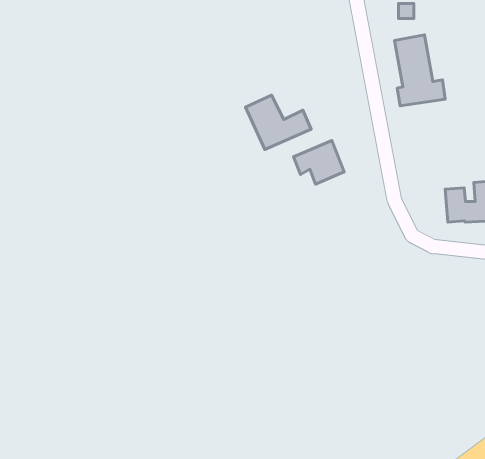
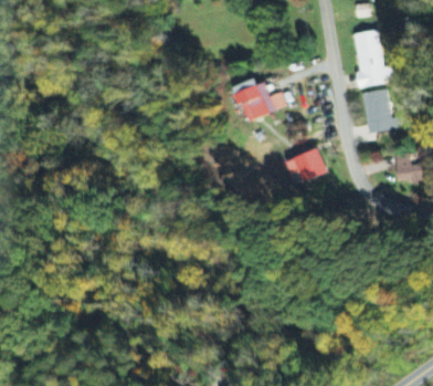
building: none -> [362,88,402,133]
building: [294,140,344,184] -> [287,147,328,182]

